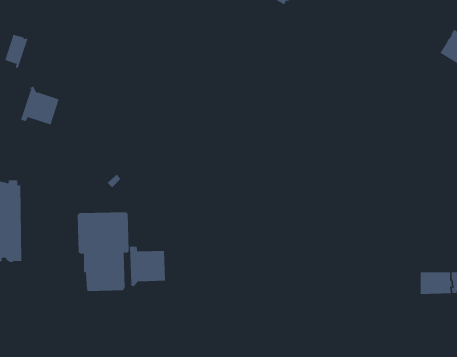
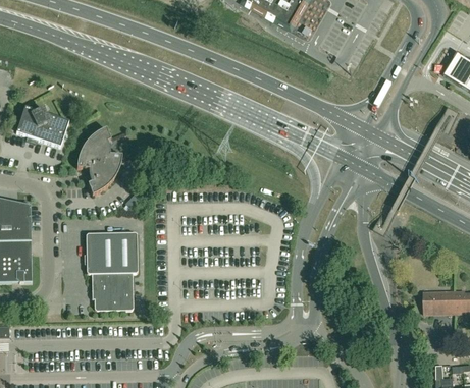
building: [5,34,28,69] -> [16,107,40,142]
building: none -> [76,128,121,195]
building: [128,246,165,288] -> none

